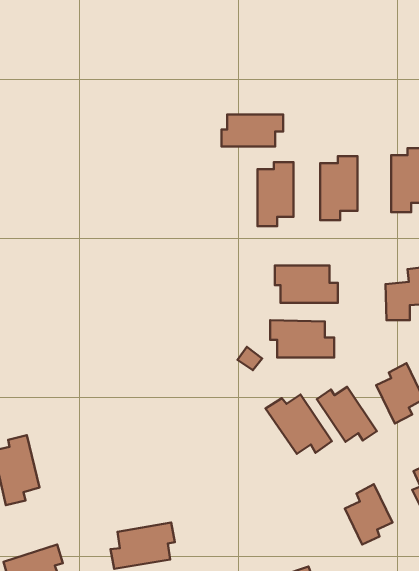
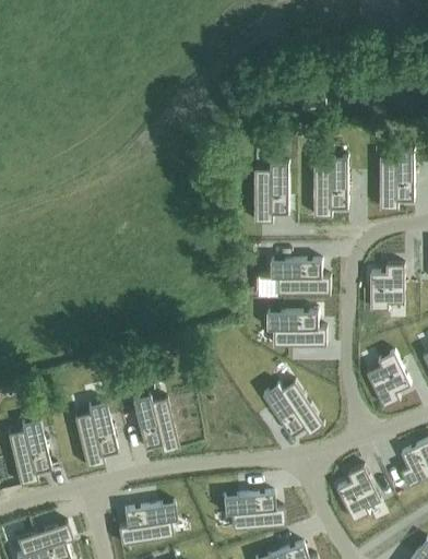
building: [221,114,283,146] -> none
building: [317,387,377,442] -> none
building: none -> [131,393,179,452]
building: none -> [73,401,117,466]
building: none -> [222,490,284,528]

